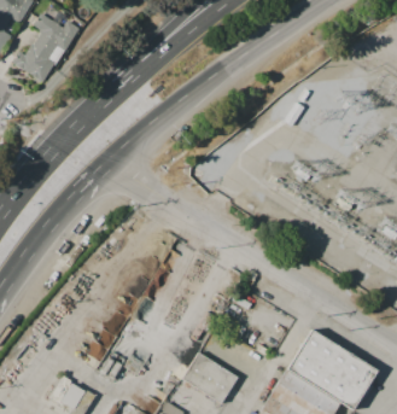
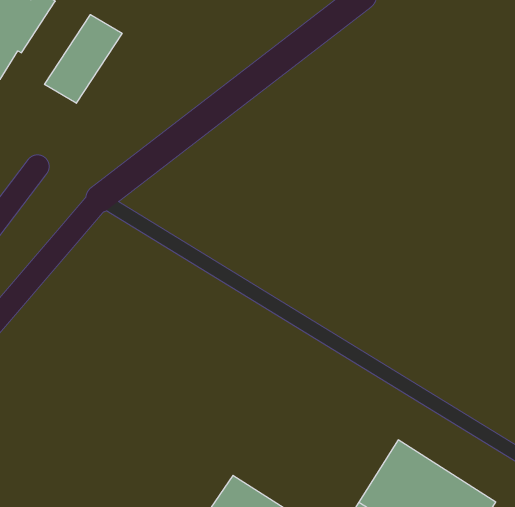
building: none -> [45,15,122,103]

